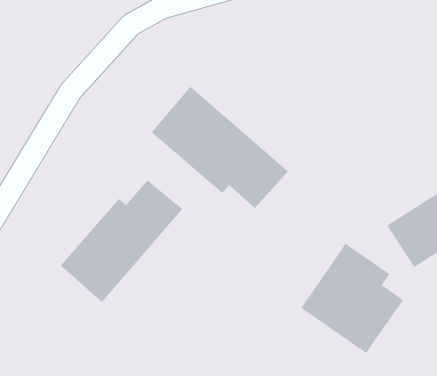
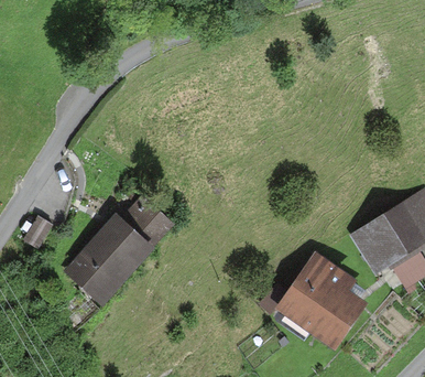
building: [151,86,289,209] -> none

